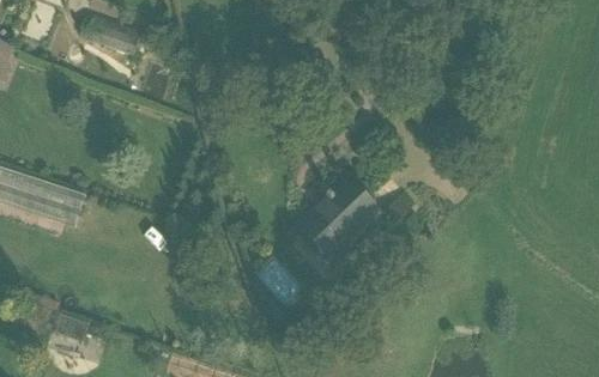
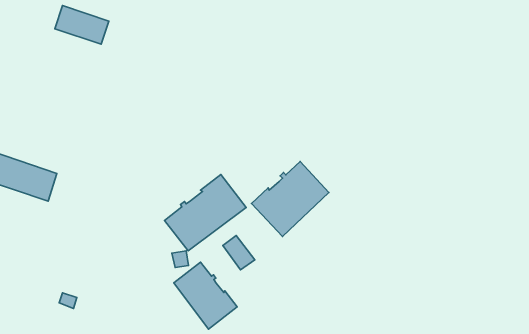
building: none -> [164,175,246,251]
building: none -> [174,262,237,329]

